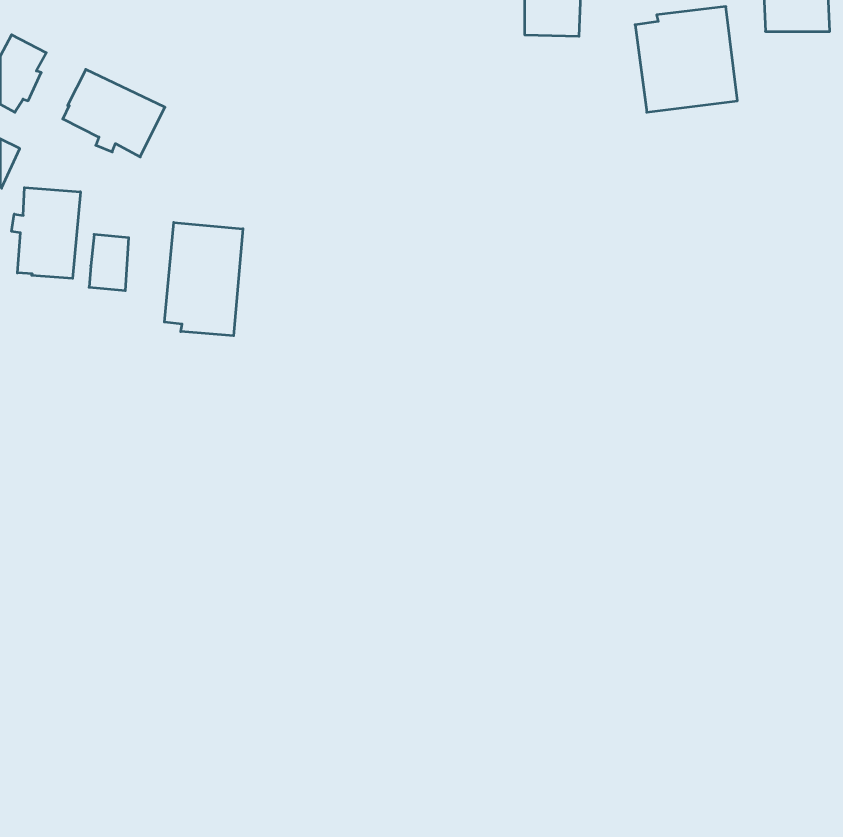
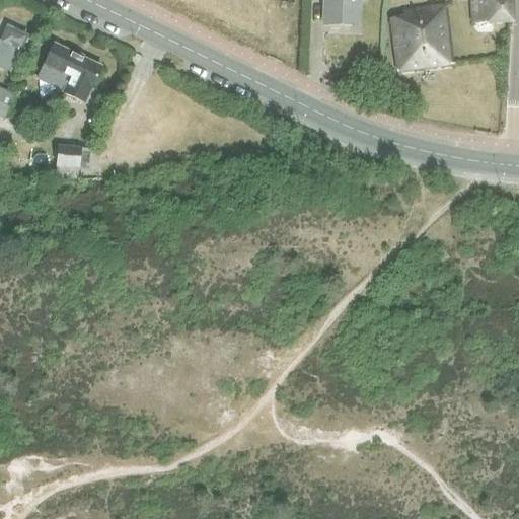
building: [12,188,80,278] -> none
building: [164,222,243,336] -> none

